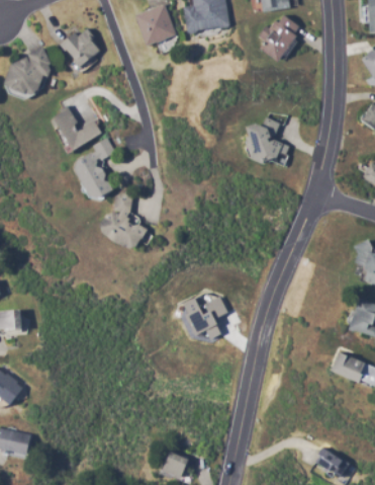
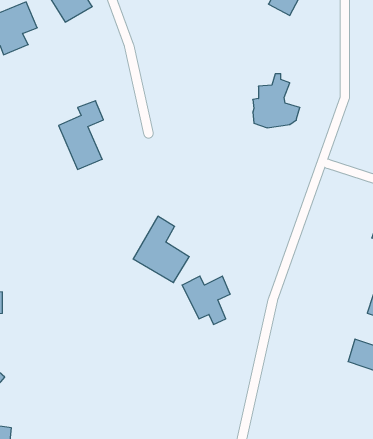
building: [54,91,100,150] -> none
building: [97,192,148,252] -> [133,216,189,283]

